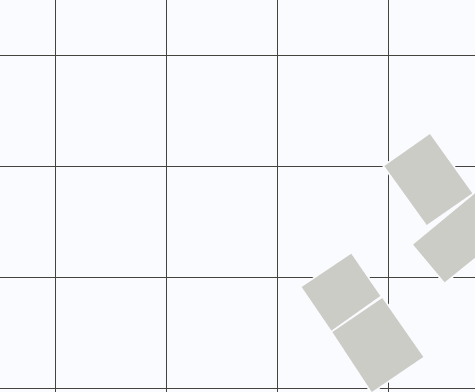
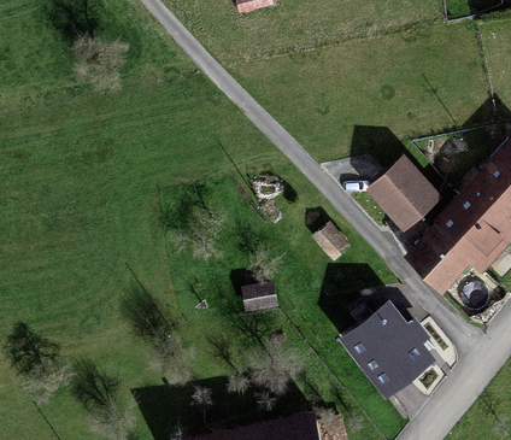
building: [300,253,382,332] -> none

